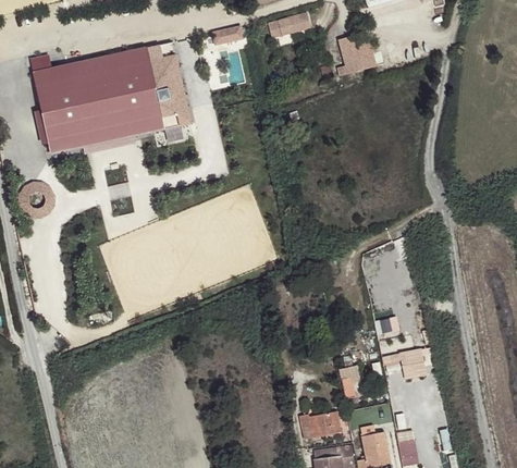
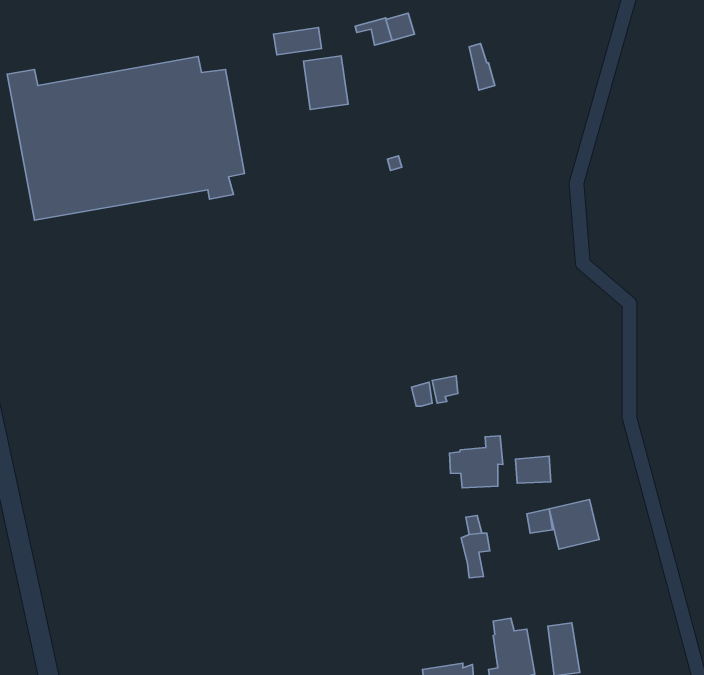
building: none -> [303,56,348,110]
building: none -> [450,436,503,488]
building: [299,412,340,439] -> none

